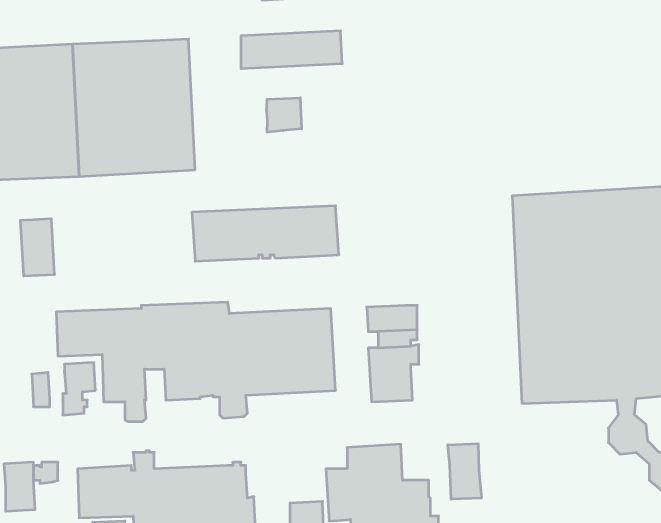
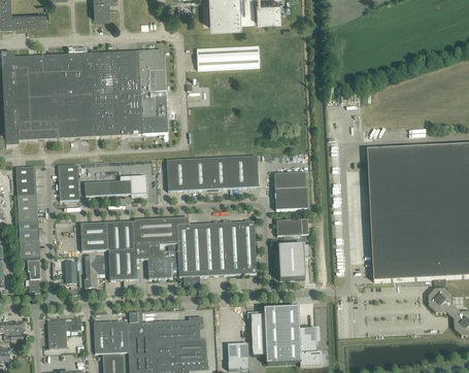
building: [267,98,302,132] -> none
building: none -> [274,172,307,209]
building: none -> [85,174,148,196]
building: [448,444,481,499] -> none

